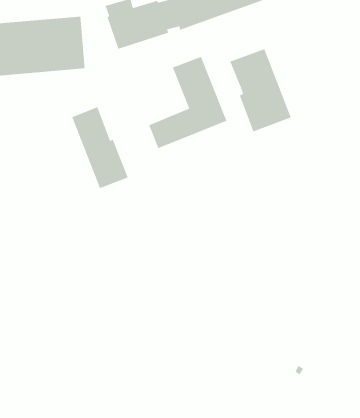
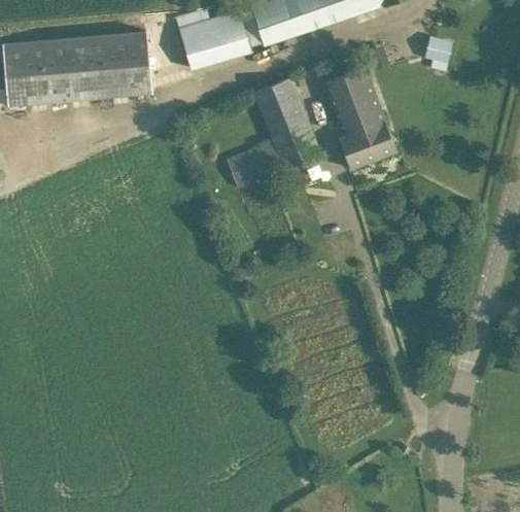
building: none -> [424,36,453,63]
building: [71,106,129,189] -> none

